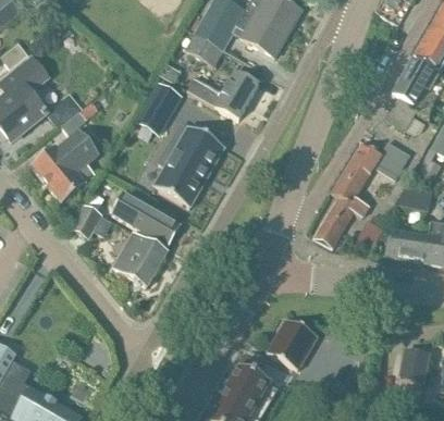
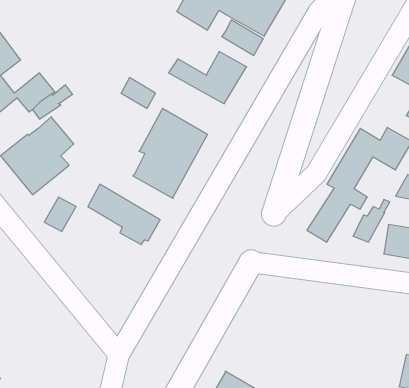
building: [184,34,222,66] -> [222,20,263,55]
building: [113,232,166,286] -> none
building: [264,317,316,369] -> none

